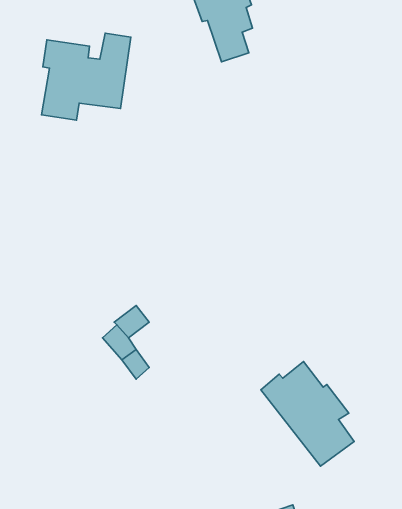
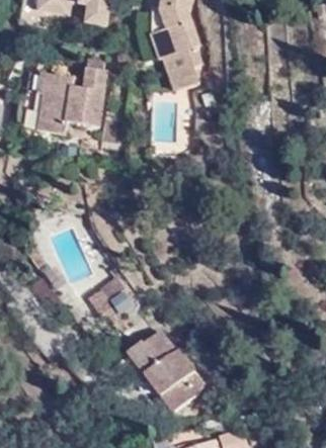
building: [261,361,354,466] -> [124,333,196,415]

